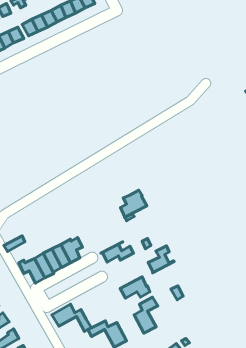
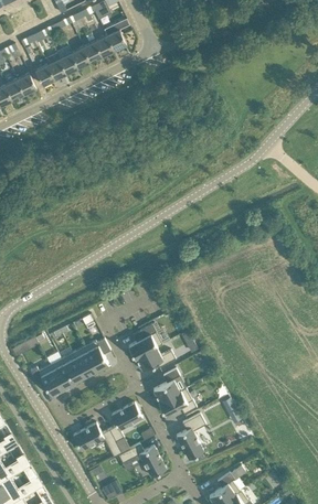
building: [120,190,147,217] -> [128,325,161,360]
building: [148,246,174,273] -> [152,369,185,404]
building: none -> [108,404,141,442]

